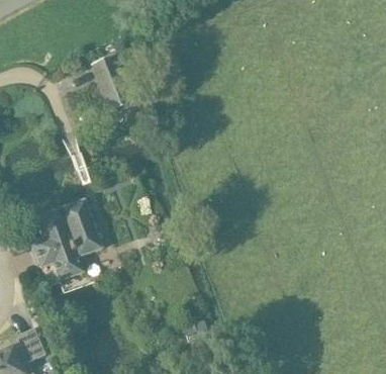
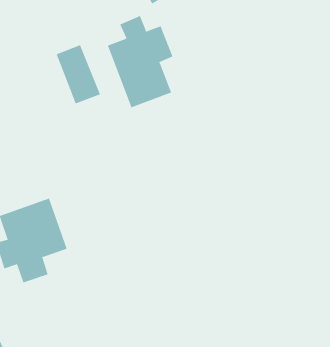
building: none -> [107,15,173,108]

